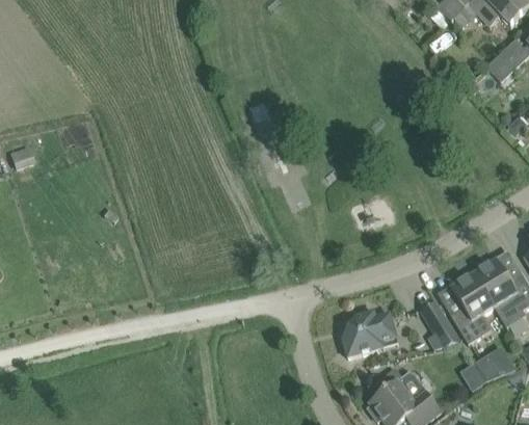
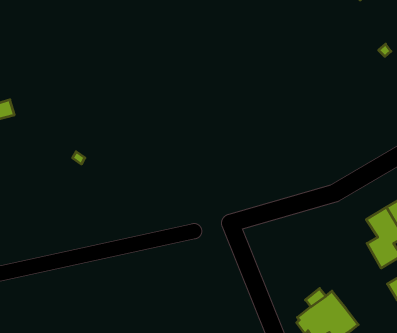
building: [419,299,461,346] -> none
building: [343,310,397,356] -> none

